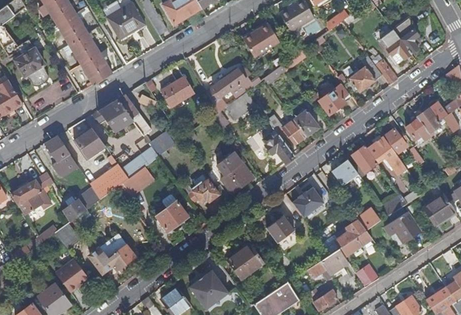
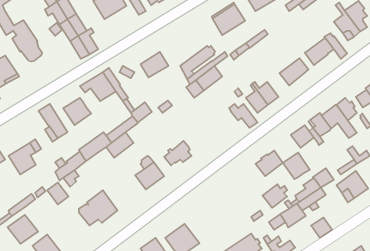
building: [217,152,250,190] -> none
building: none -> [283,152,310,179]
building: [267,215,295,242] -> [263,184,287,208]
building: [226,244,262,278] -> none
building: [55,259,90,292] -> [7,215,38,244]

